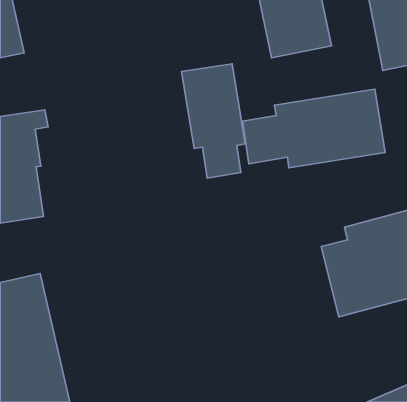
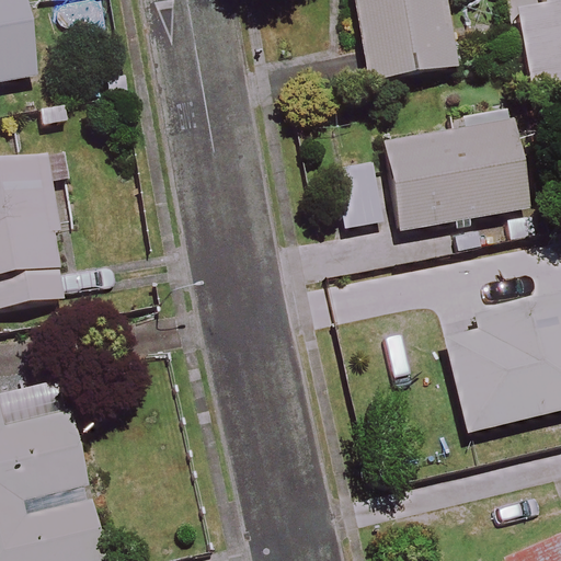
building: [182,64,245,178] -> none

